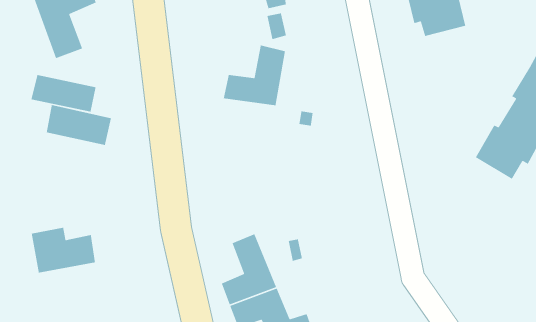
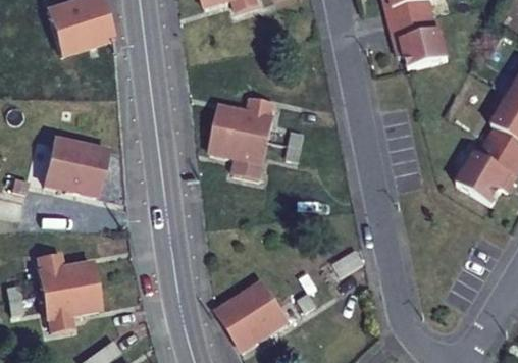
building: [30,74,97,113] -> [41,161,104,198]
building: none -> [213,128,269,176]
building: none -> [40,286,100,331]

